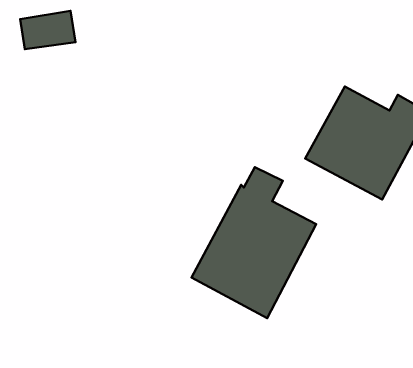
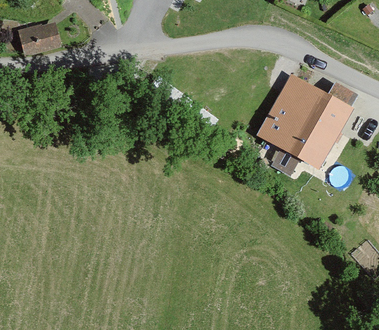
building: [192,167,316,318] -> none

